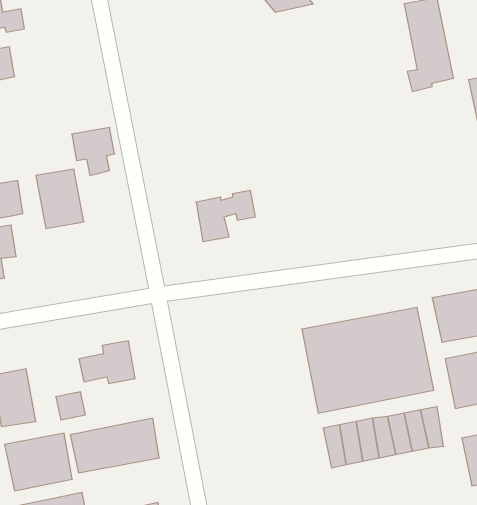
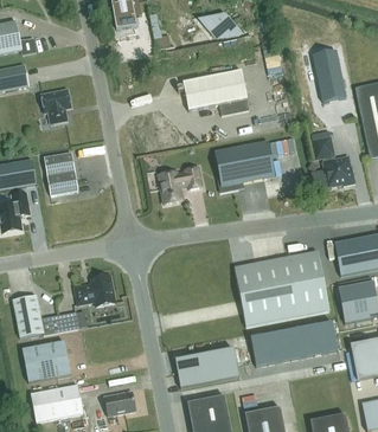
building: none -> [182,70,249,115]
building: [72,128,115,175] -> [40,89,71,123]
building: none -> [312,137,355,187]
building: none -> [214,141,275,192]
building: [70,418,159,473] -> [174,348,238,387]

